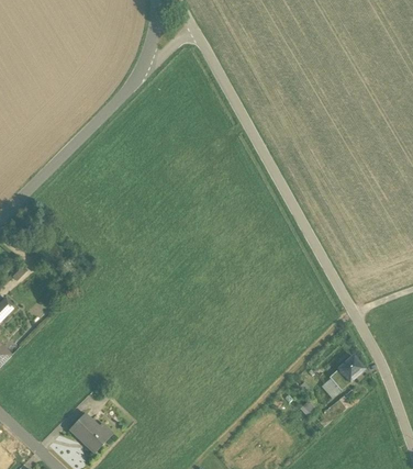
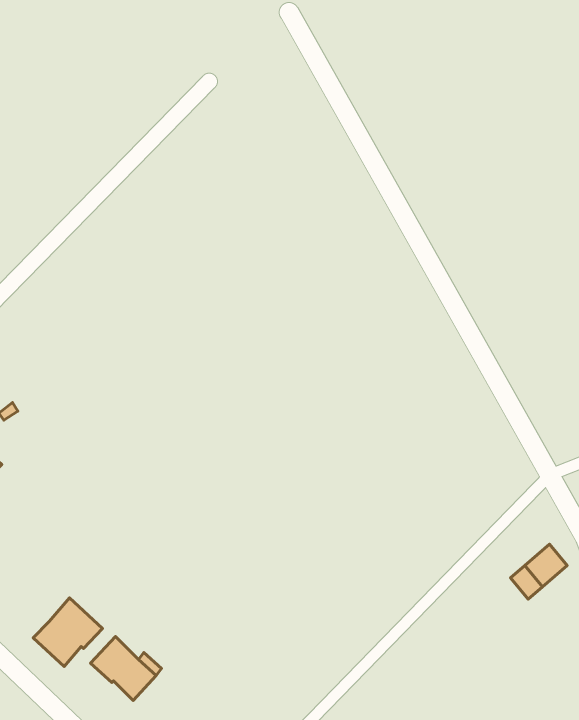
building: none -> [33,598,102,666]

